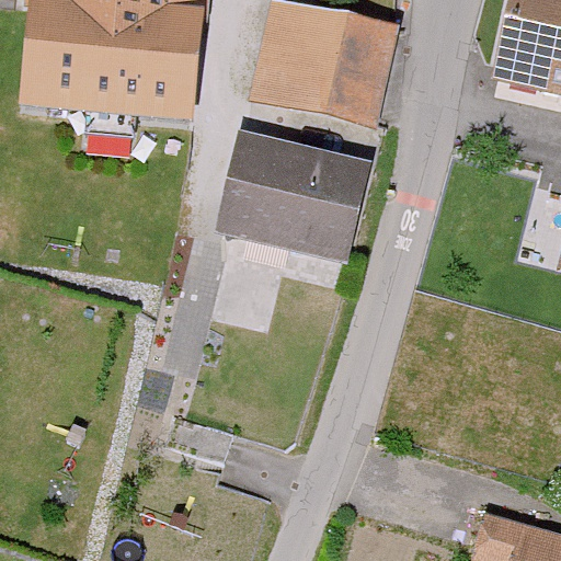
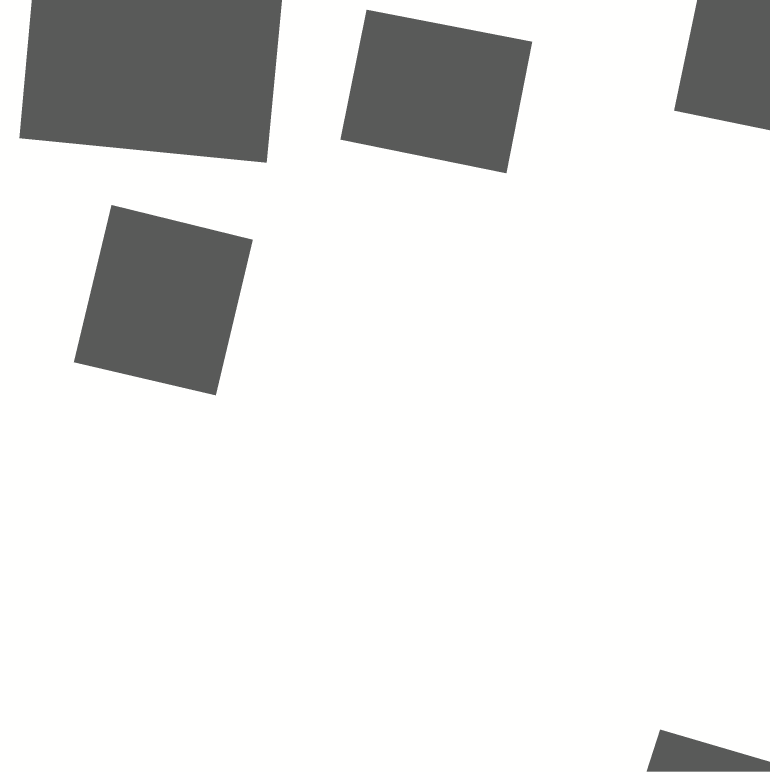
building: [210,136,362,260] -> none
building: none -> [73,204,253,396]

